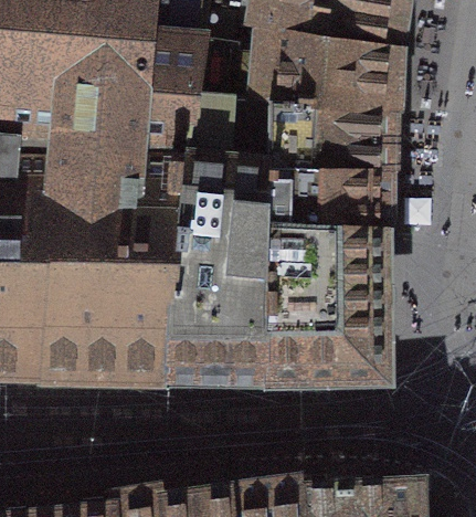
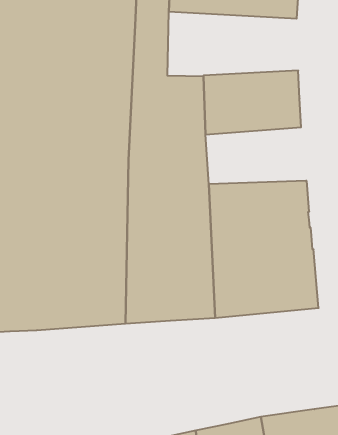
building: [251,30,399,107] -> none
building: [286,169,393,230] -> none

